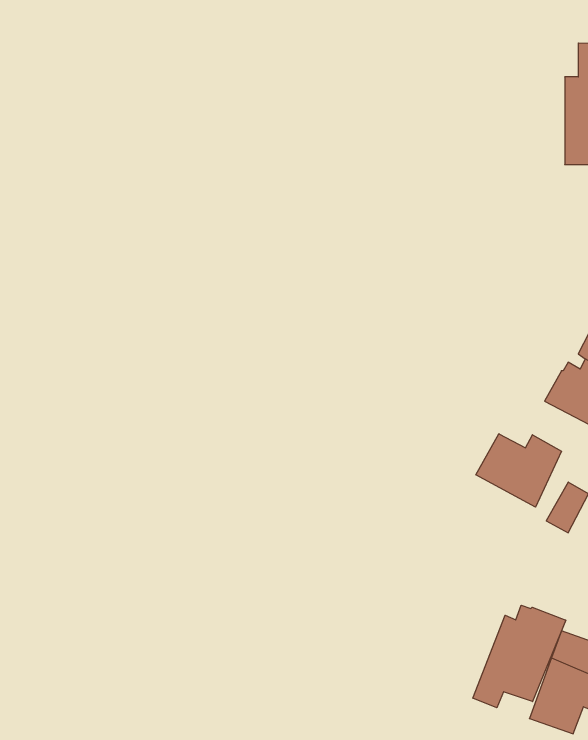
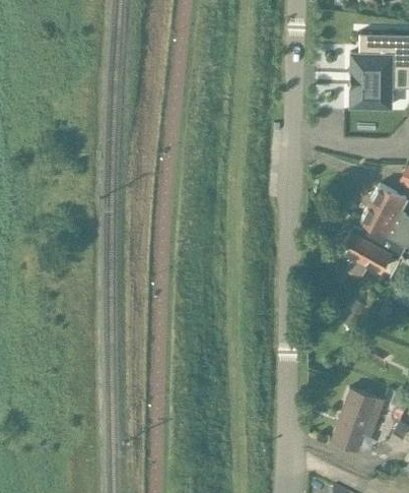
building: [476,434,561,507] -> none
building: [473,605,566,708] -> none

